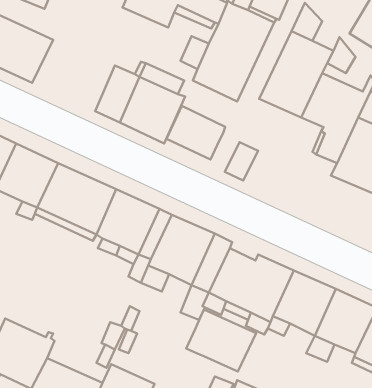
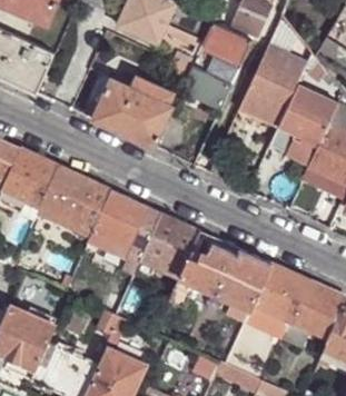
building: [166,106,225,159] -> none
building: [186,310,256,371] -> none

